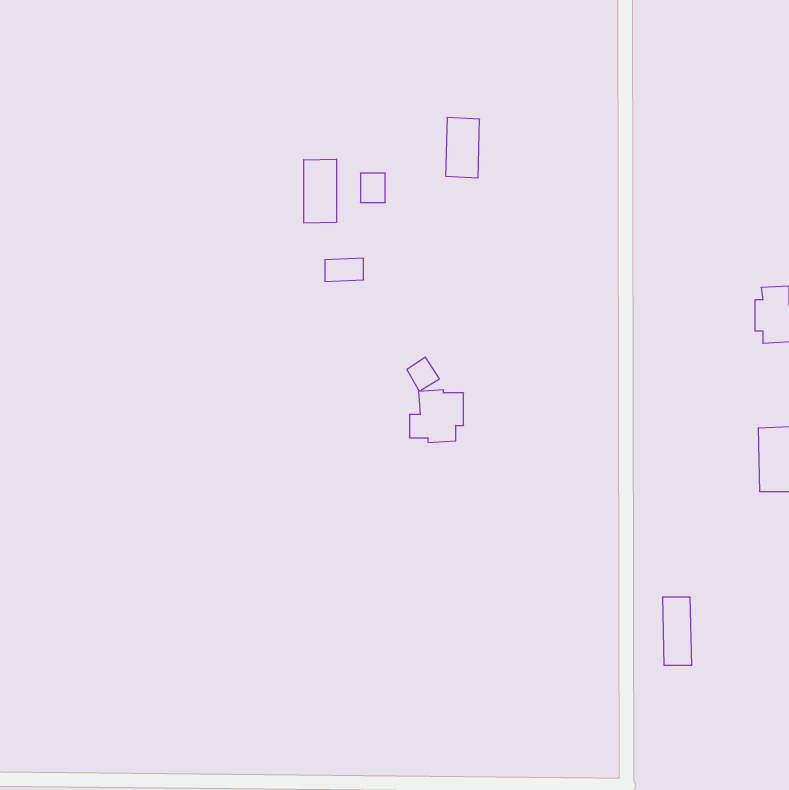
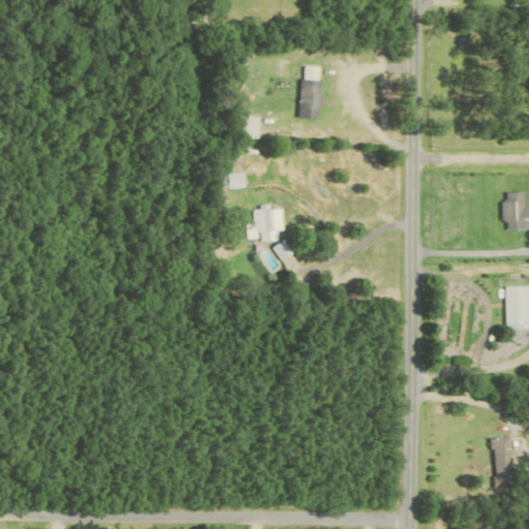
building: [304,159,337,223] -> none
building: [409,390,464,442] -> [247,207,283,242]
building: [662,597,692,665] -> [494,437,514,483]

